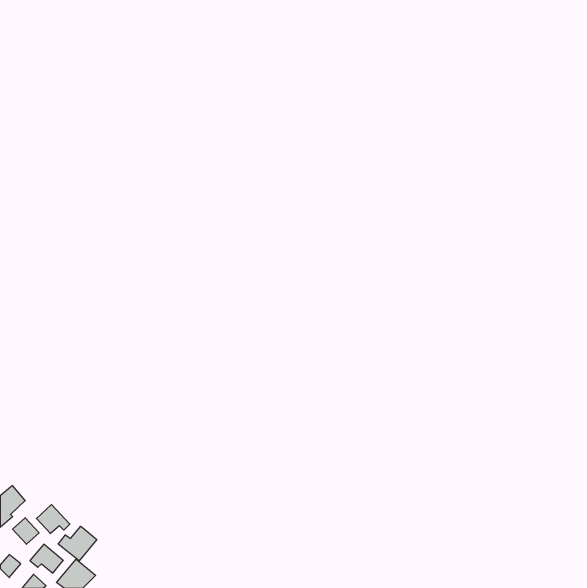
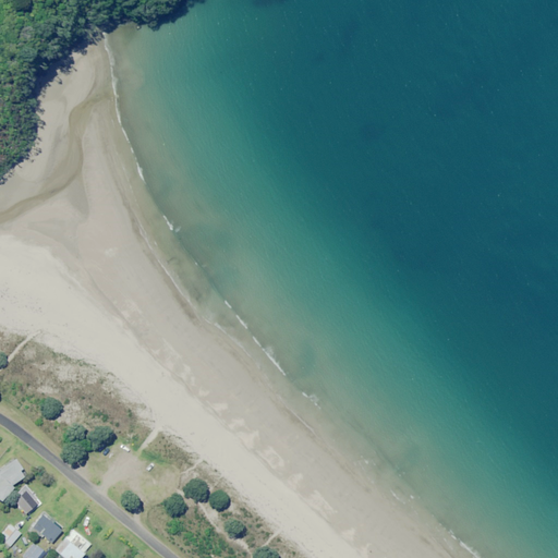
building: [36,505,70,534] -> none
building: [58,526,97,561] -> none

